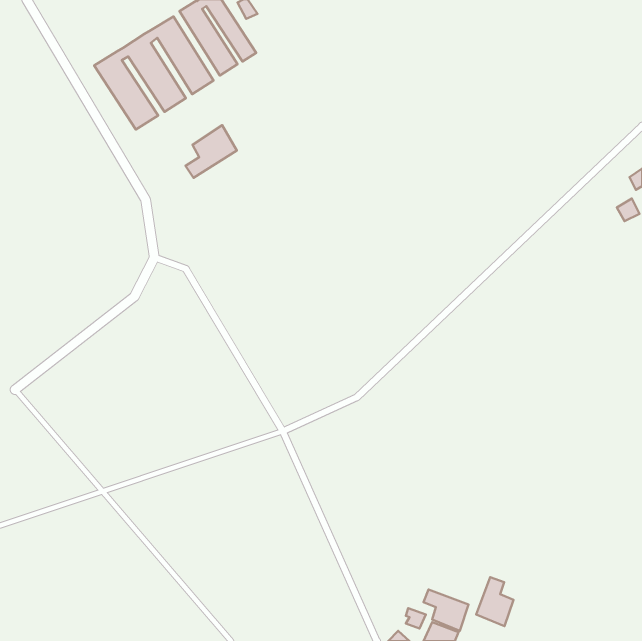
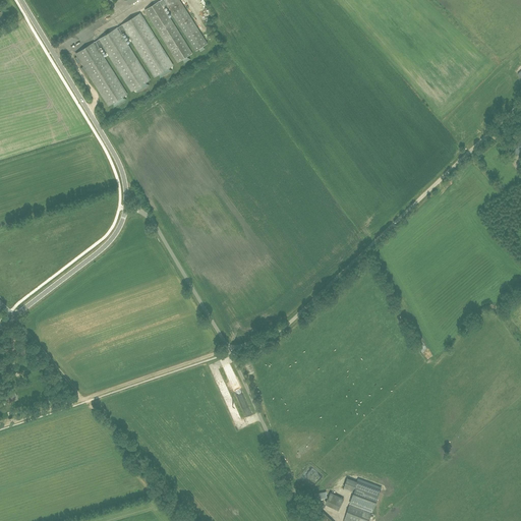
building: [186,125,237,178] -> none
building: [476,577,513,626] -> none

